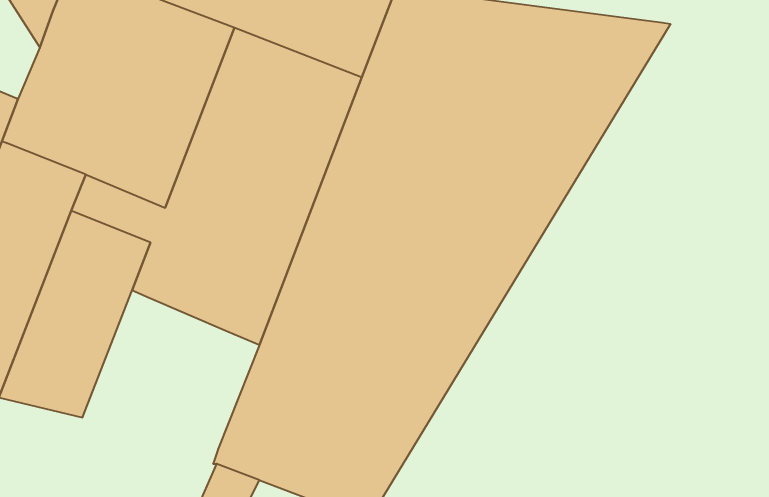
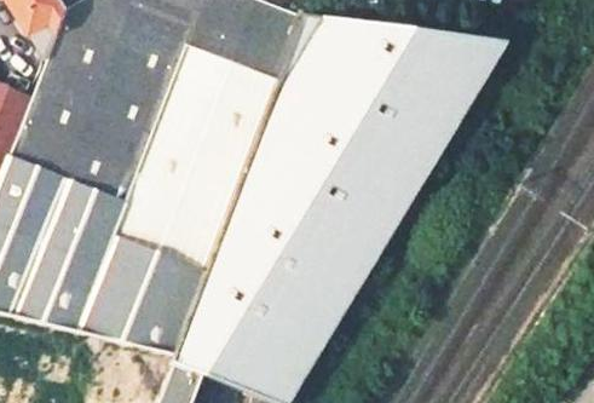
building: none -> [76,236,206,352]

